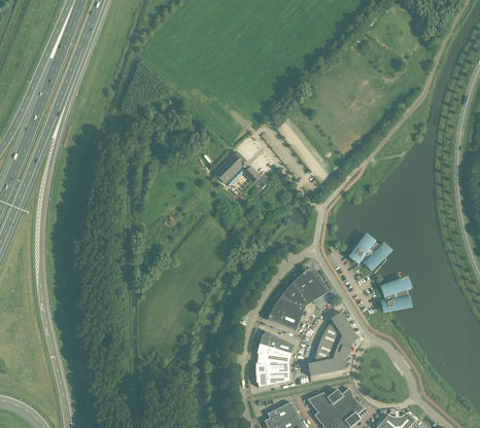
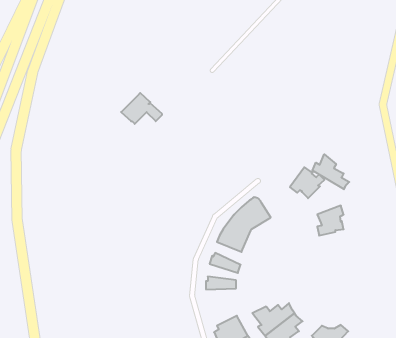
building: [214,151,261,186] -> [121,93,162,124]
building: none -> [312,154,349,189]
building: [308,312,357,377] -> none
building: [258,344,292,362] -> none
building: [255,371,289,387] -> none

